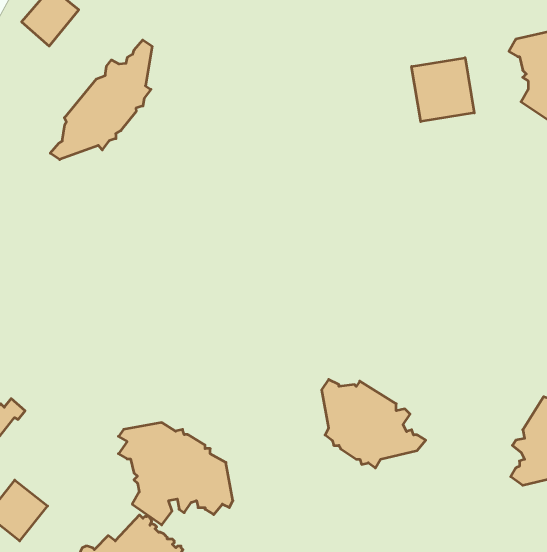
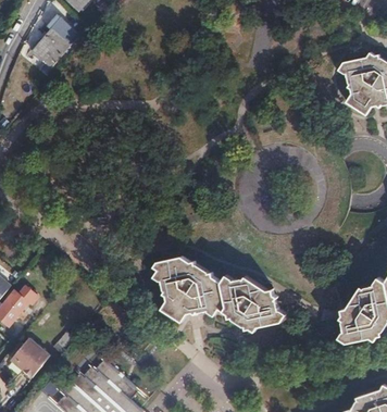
building: [50,40,152,160] -> none
building: [412,58,474,122] -> none
building: [118,423,233,525] -> [153,257,225,321]

